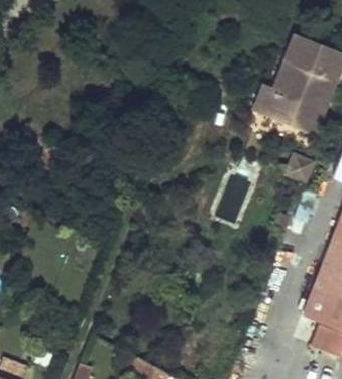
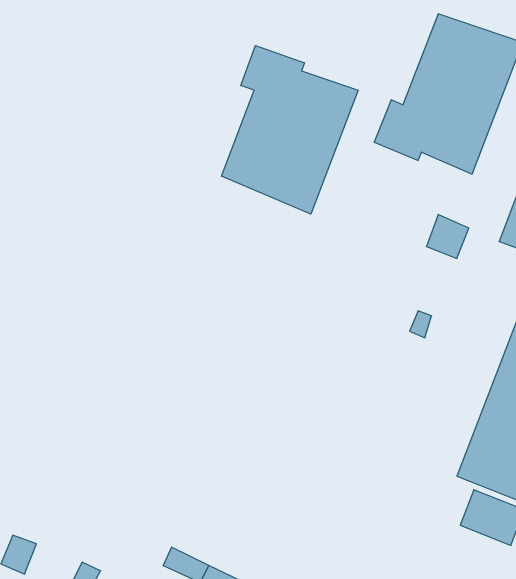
building: none -> [221,46,358,214]

